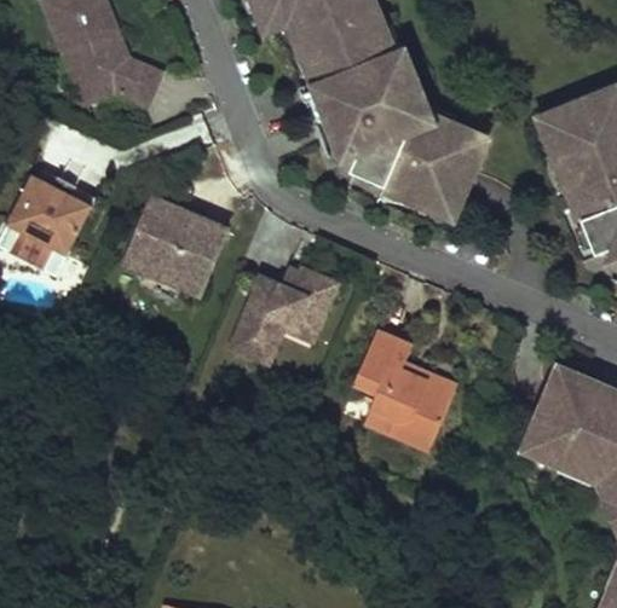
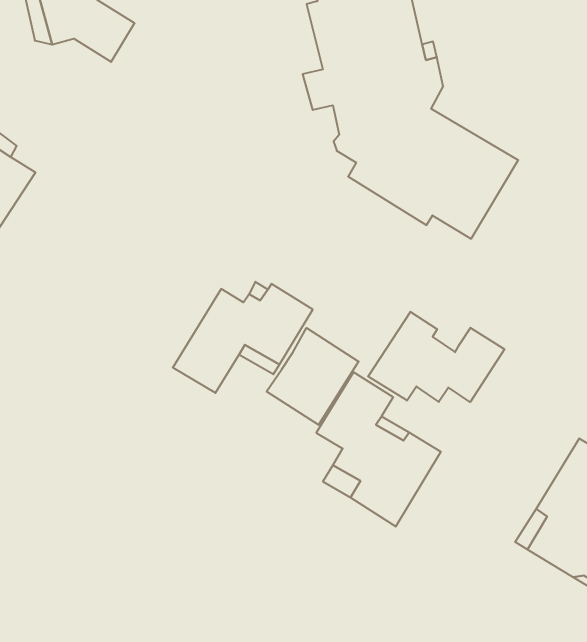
building: [123,199,226,294] -> none
building: none -> [368,312,504,402]
building: none -> [267,328,359,425]

